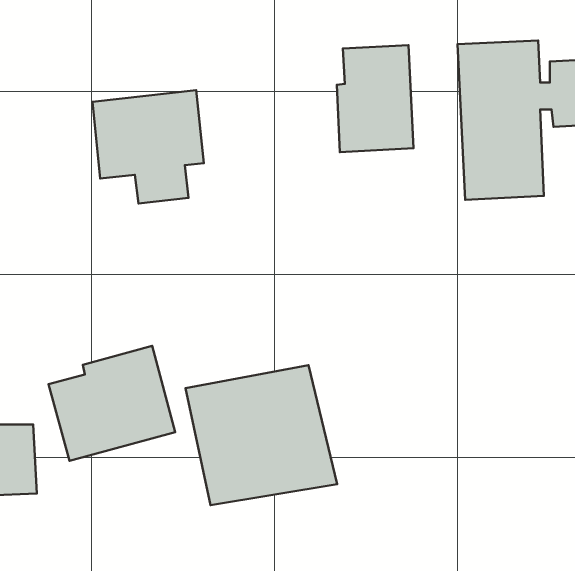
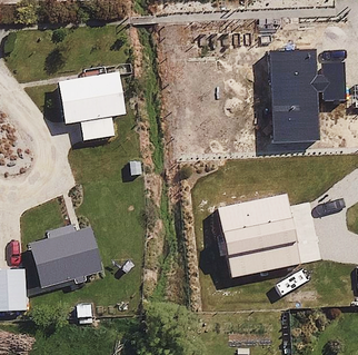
building: [337,45,413,152] -> none
building: [185,365,337,505] -> [216,193,304,274]

